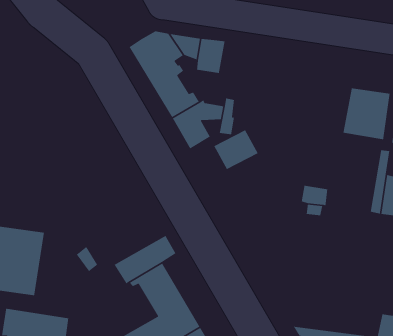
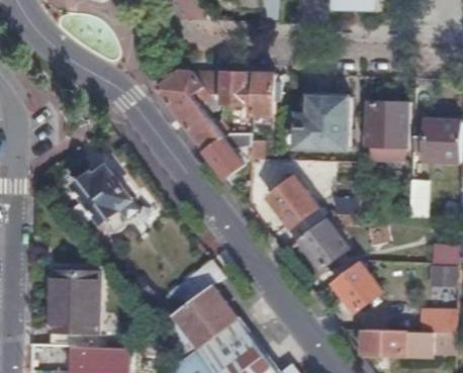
building: none -> [253,73,274,114]
building: none -> [295,95,349,150]
building: none -> [74,168,132,234]
building: none -> [269,179,316,227]
building: none -> [300,220,347,267]
building: none -> [333,263,380,310]

